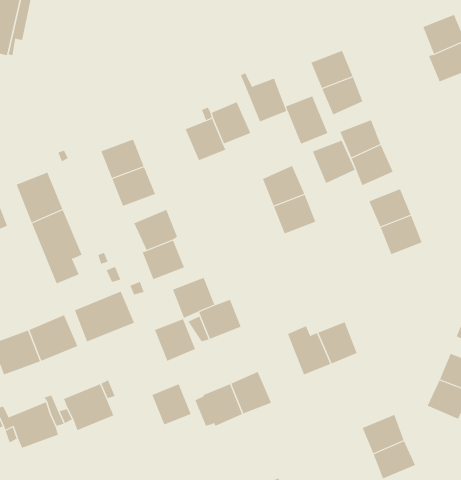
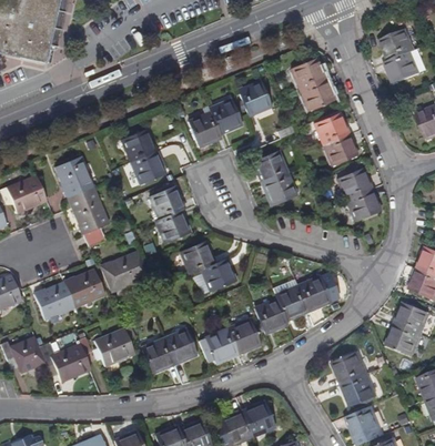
building: [285,95,328,144] -> none
building: [312,140,356,184] -> none
building: [154,319,196,361] -> [140,335,173,369]
building: none -> [253,297,286,332]

